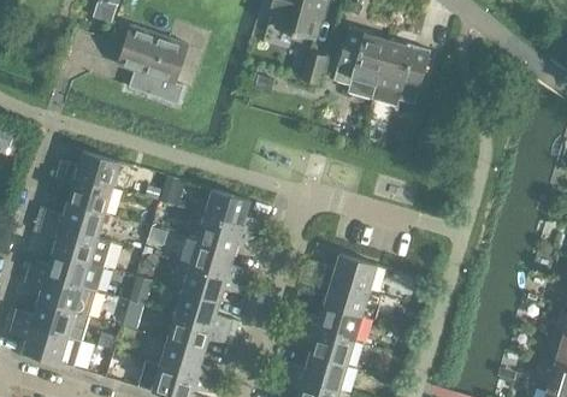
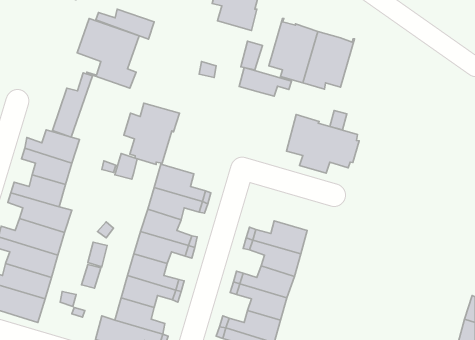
building: none -> [96,9,154,39]
building: none -> [239,68,291,96]
building: none -> [52,73,92,137]
building: none -> [124,103,180,164]
building: none -> [286,114,359,173]

